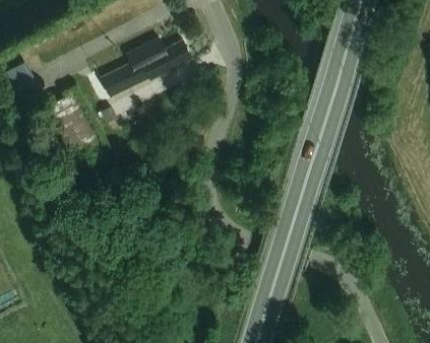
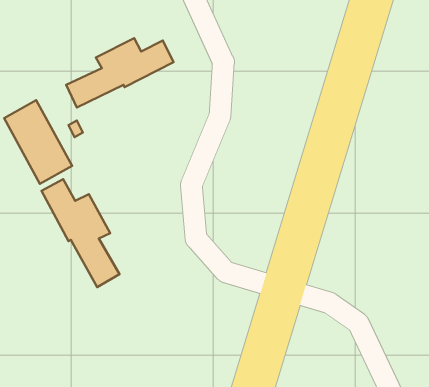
building: none -> [42,179,119,287]

